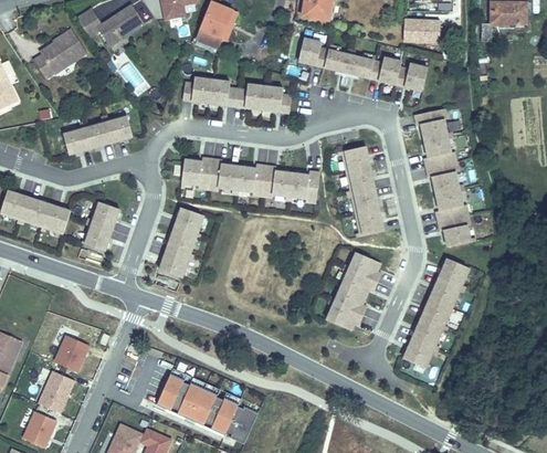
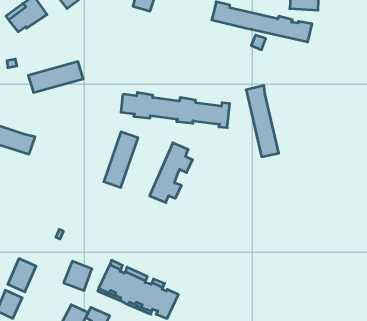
building: [181,75,291,113] -> none
building: [415,107,473,247] -> none
building: [84,202,120,253] -> none
building: [327,254,382,331] -> [150,143,193,203]
building: [406,260,471,369] -> none
building: [51,338,87,376] -> [64,261,92,290]

